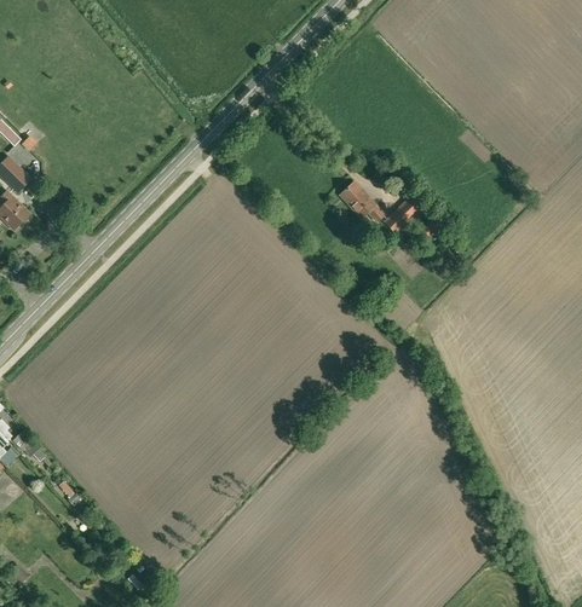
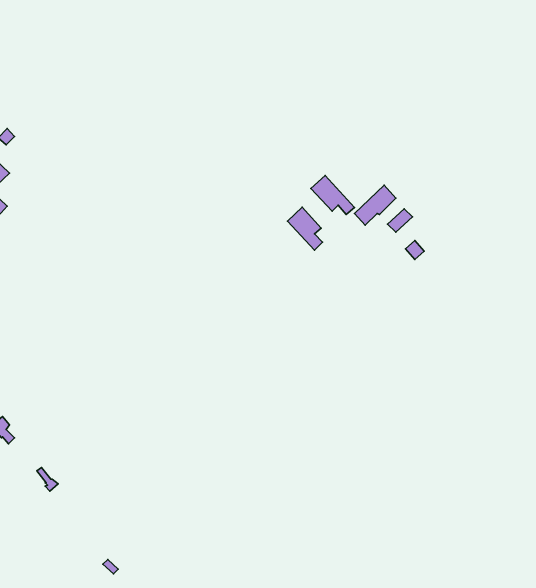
building: none -> [288,207,323,250]

